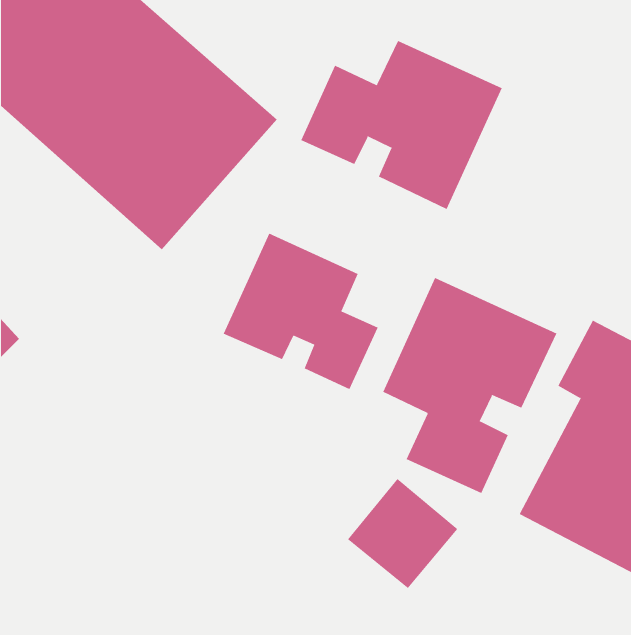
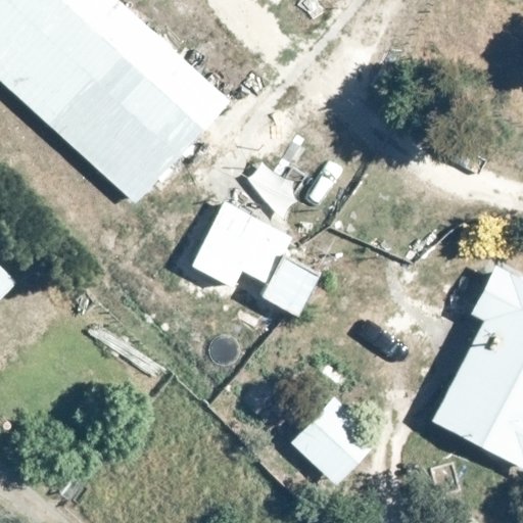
building: [300,40,503,210] -> none
building: [382,277,557,494] -> none

